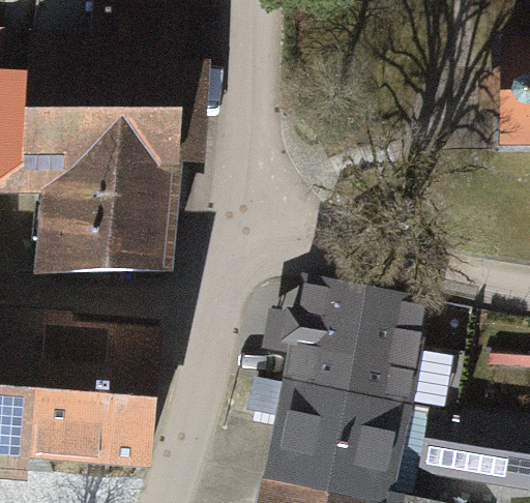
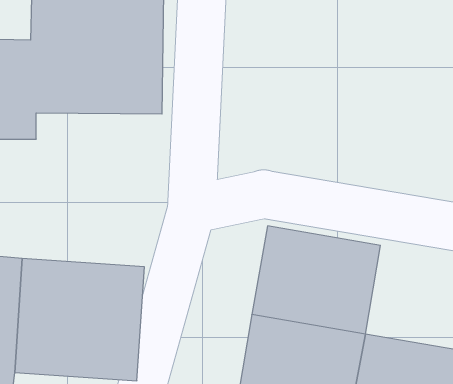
building: [45,164,185,278] -> none

